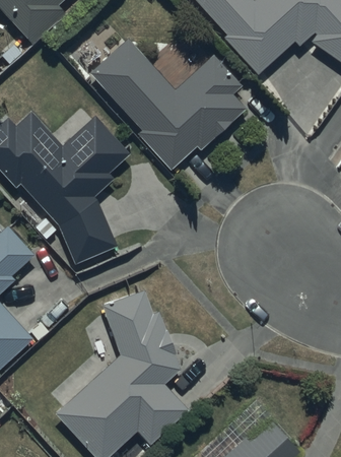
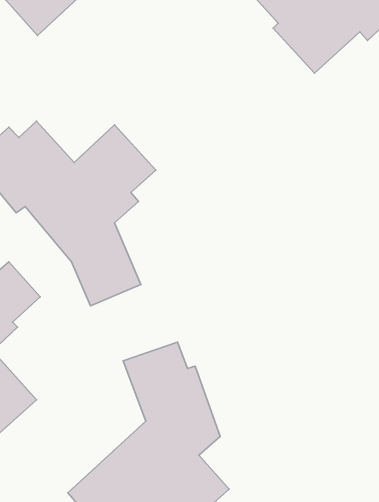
building: [89,39,246,170] -> none

